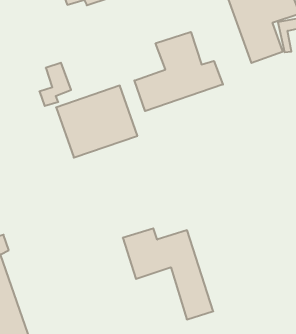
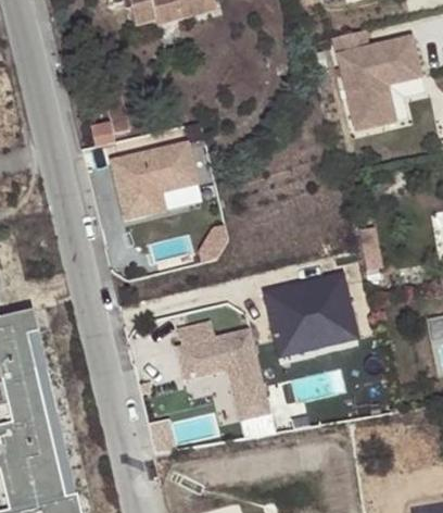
building: [134,32,223,111] -> none
building: none -> [265,271,364,360]

